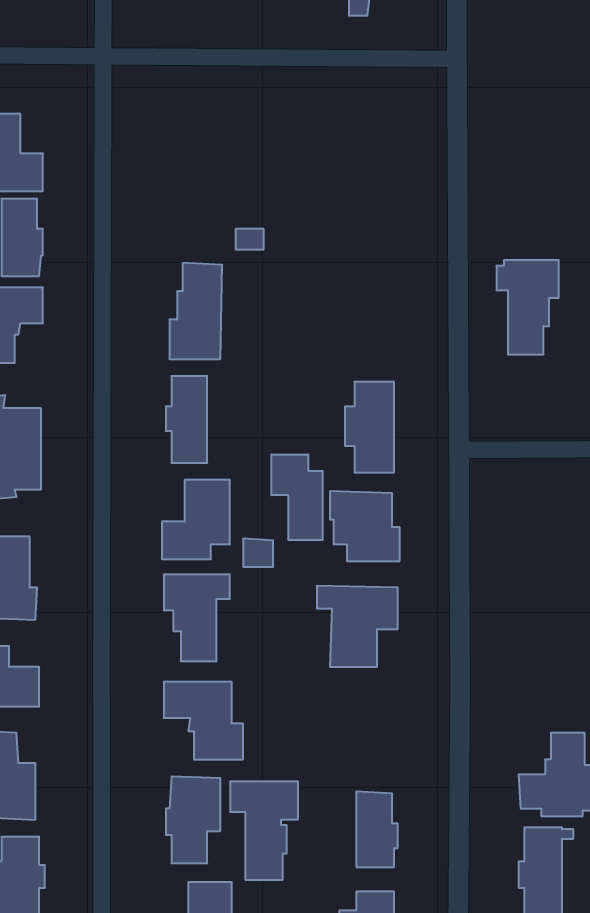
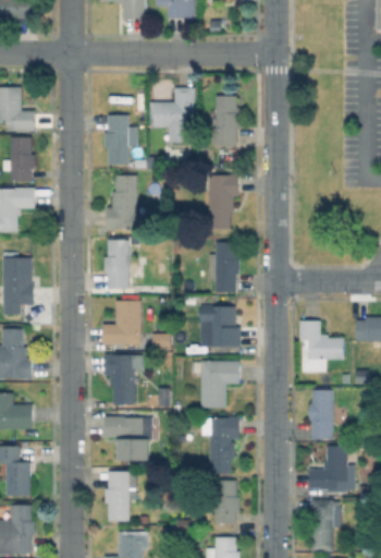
building: none -> [150,87,196,143]
building: none -> [216,96,241,146]
building: none -> [106,116,138,166]
building: [496,260,559,354] -> [204,174,239,229]
building: [271,454,323,540] -> none
building: none -> [300,320,345,373]
building: none -> [310,390,334,439]
building: [230,782,298,880] -> [201,417,241,474]

